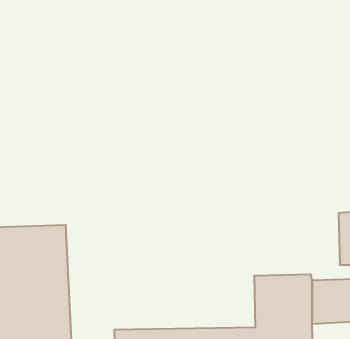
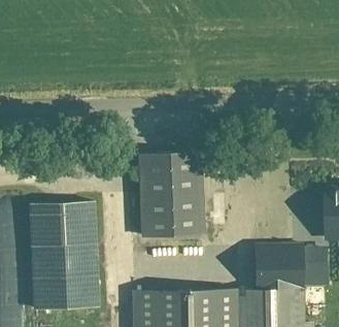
building: none -> [139,154,199,236]

